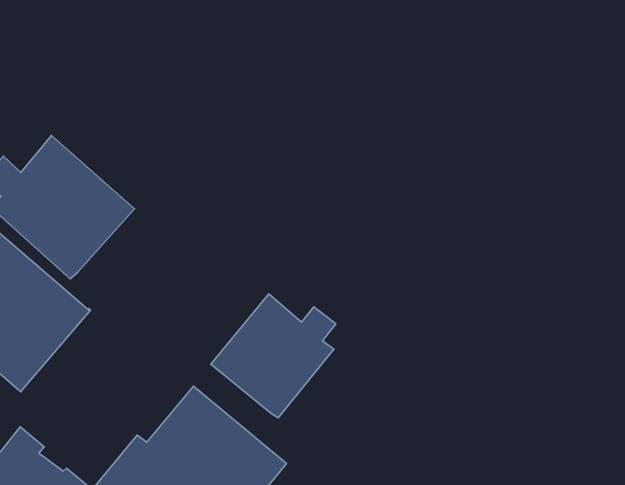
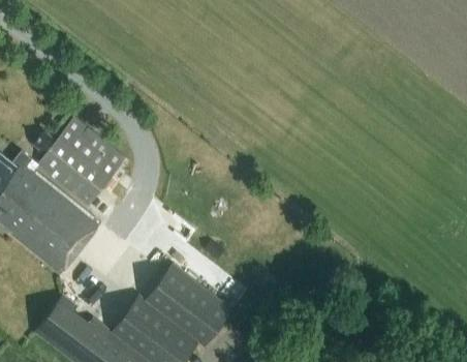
building: [211,294,336,418] -> none

